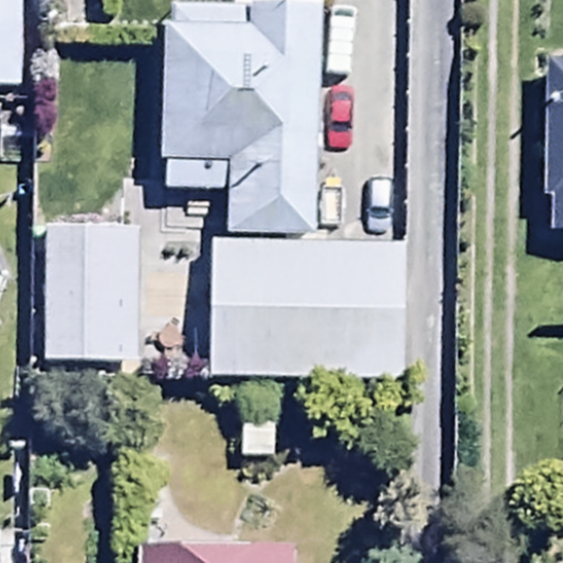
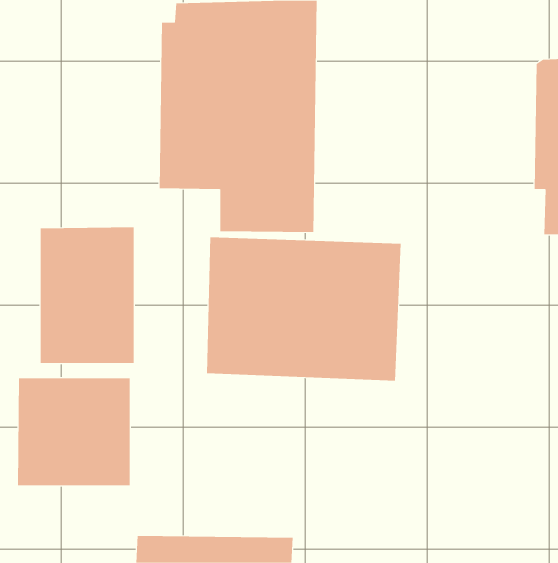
building: none -> [17,377,130,486]

